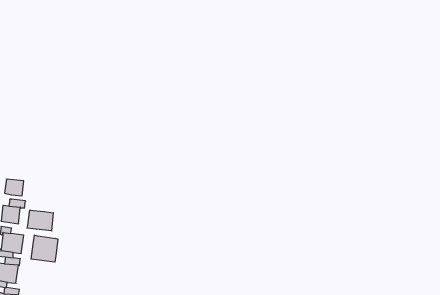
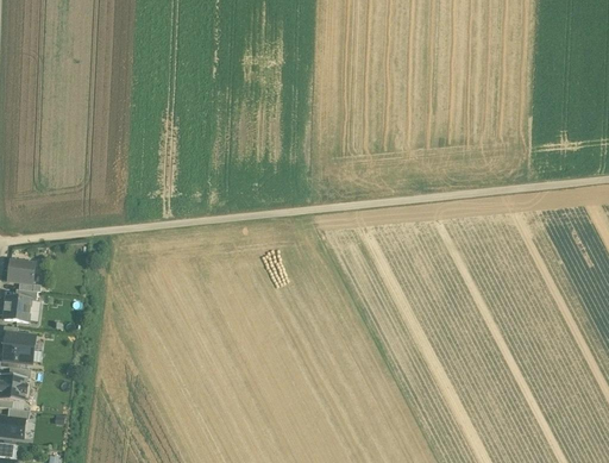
building: [27,210,53,231] -> none
building: [31,235,58,262] -> none

